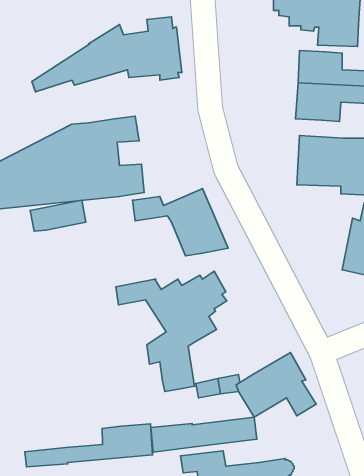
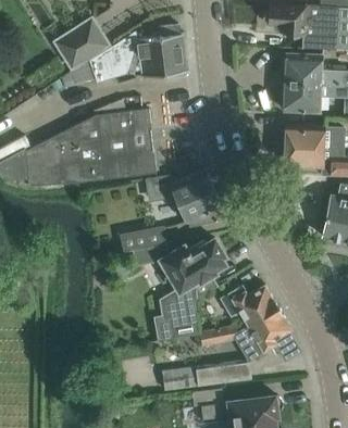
building: none -> [54,18,110,70]
building: [30,200,86,231] -> [120,226,166,252]
building: none -> [221,285,279,325]
building: [25,424,153,467] -> none

